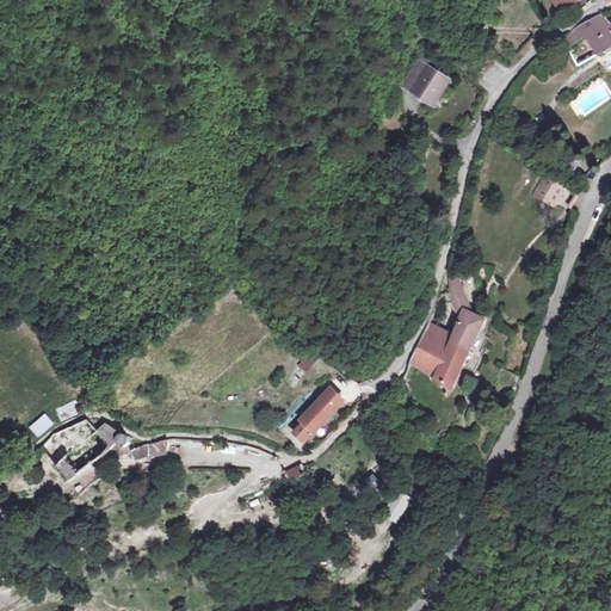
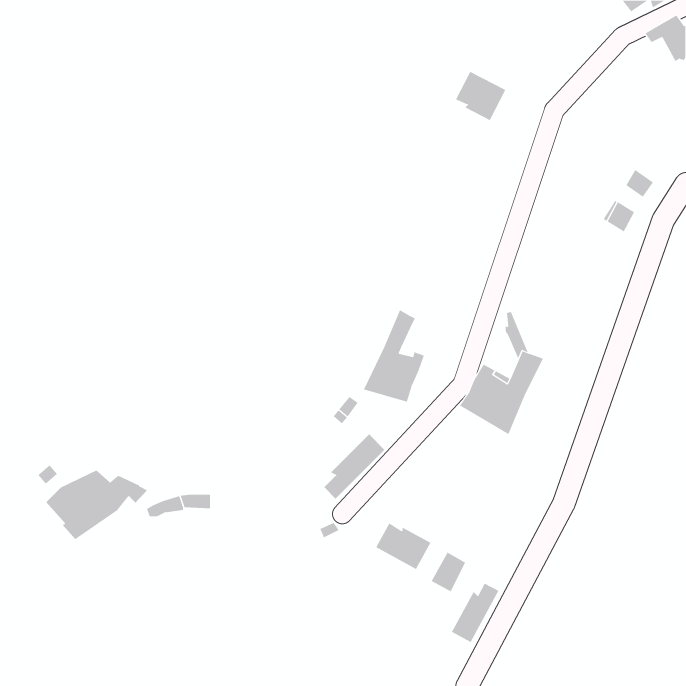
building: none -> [363,309,425,403]
building: none -> [376,523,431,570]
building: none -> [451,583,499,643]

